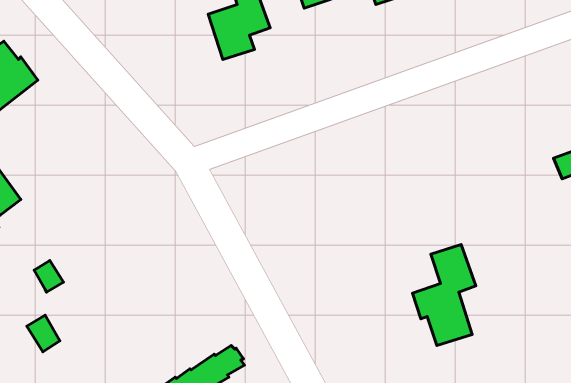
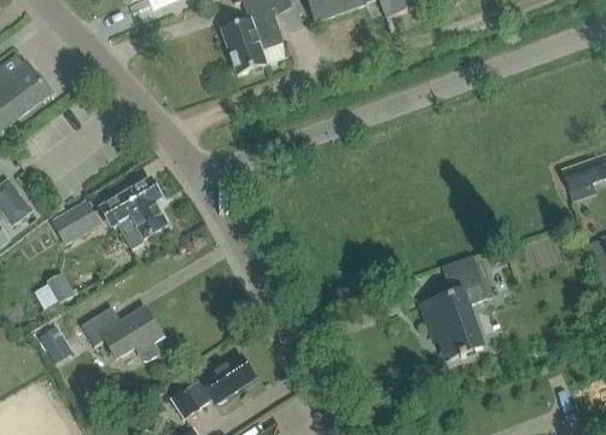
building: none -> [101,179,168,249]
building: none -> [52,201,99,244]
building: none -> [80,306,162,360]

